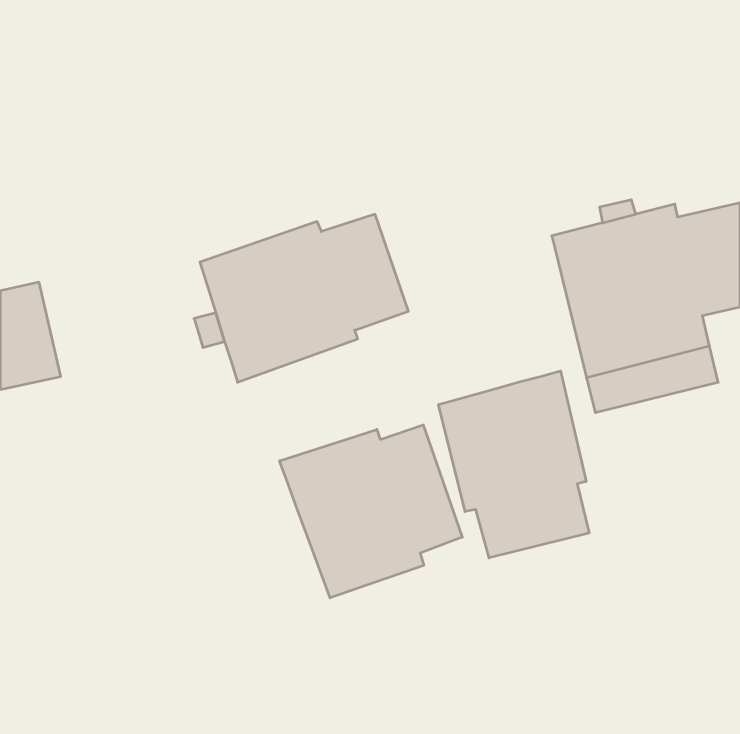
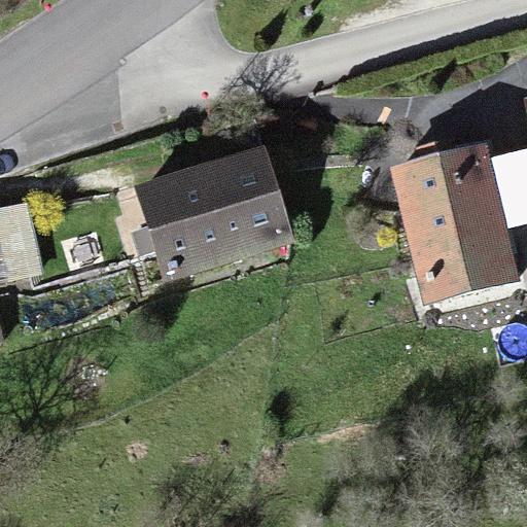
building: [439,371,589,558] -> none
building: [280,425,462,598] -> none

